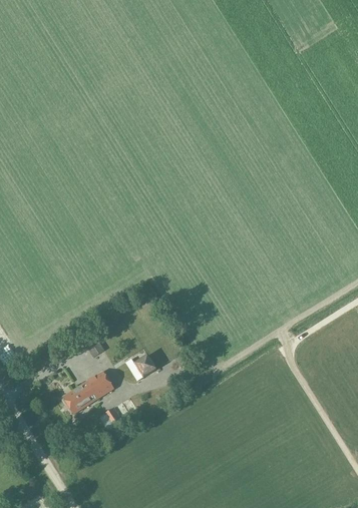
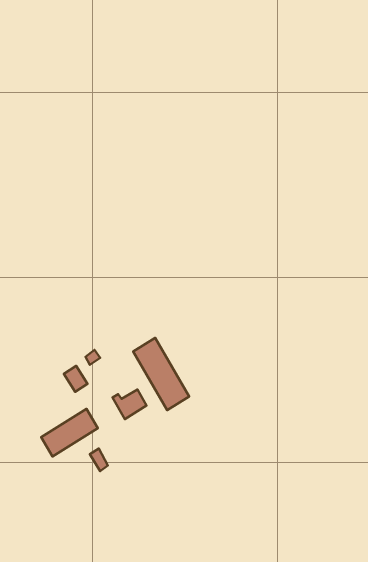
building: none -> [133,338,189,410]

